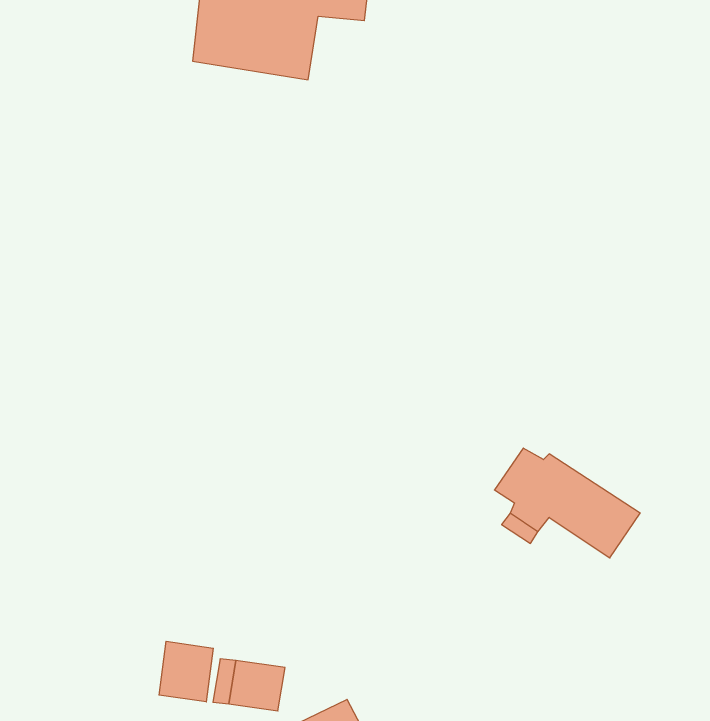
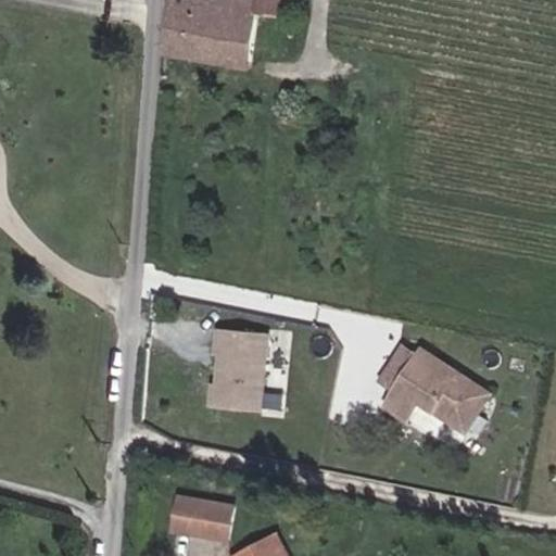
building: none -> [211,328,271,413]
building: [159,641,213,702] -> none

